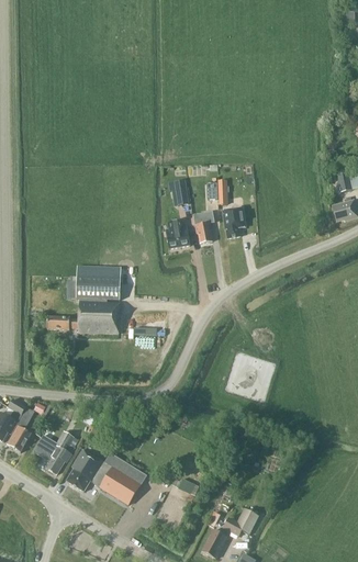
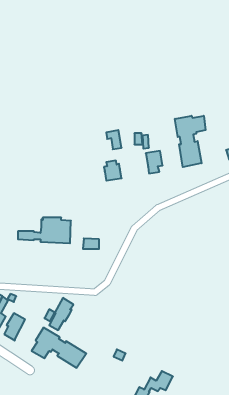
building: none -> [175,116,206,167]
building: [193,211,215,243] -> none
building: [77,266,122,300] -> none
building: [45,430,78,474] -> [49,298,73,330]

